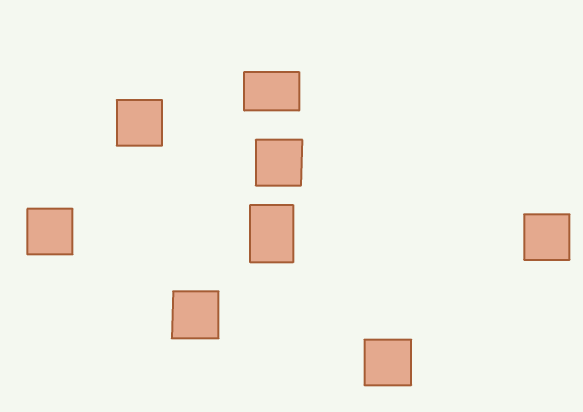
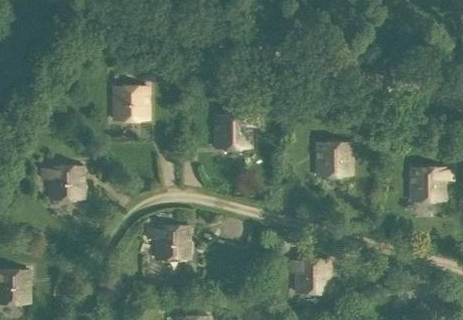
building: [244,72,299,111] -> none
building: none -> [318,143,352,177]
building: [250,205,293,262] -> none

